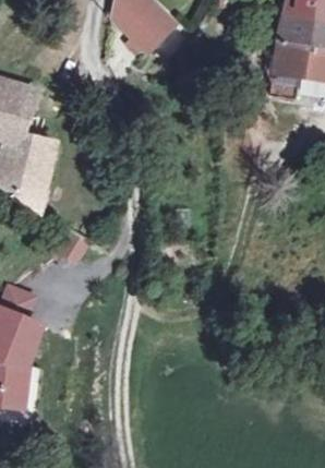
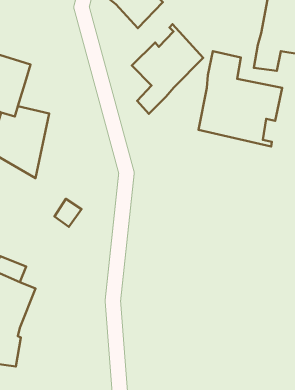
building: none -> [132,24,203,114]
building: none -> [199,51,282,147]

